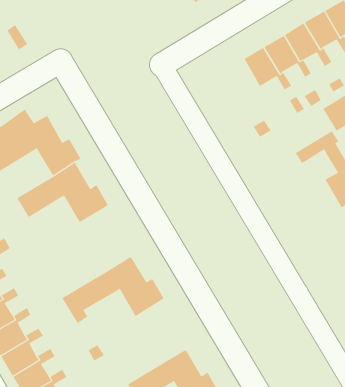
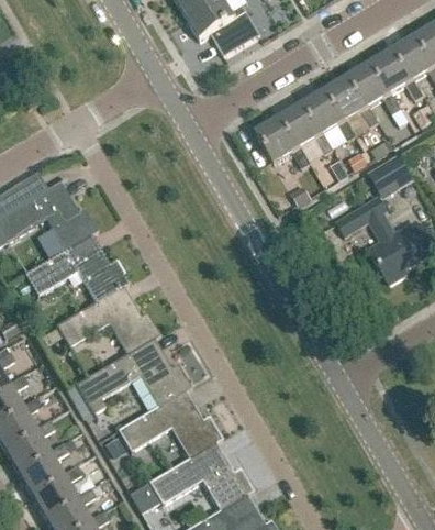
building: none -> [256,117,310,165]
building: none -> [55,285,159,354]
building: none -> [116,389,221,457]

